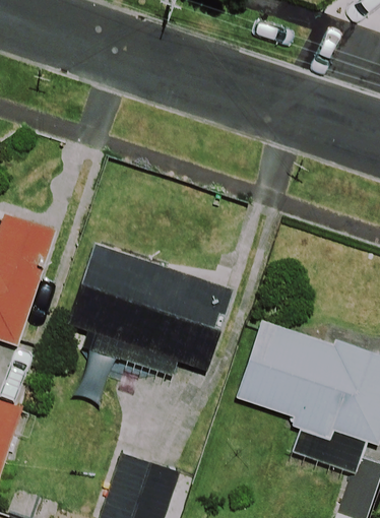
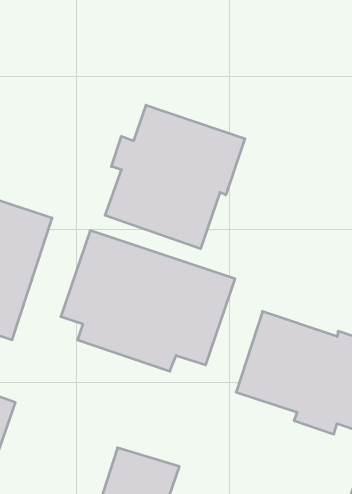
building: none -> [105,105,245,249]

